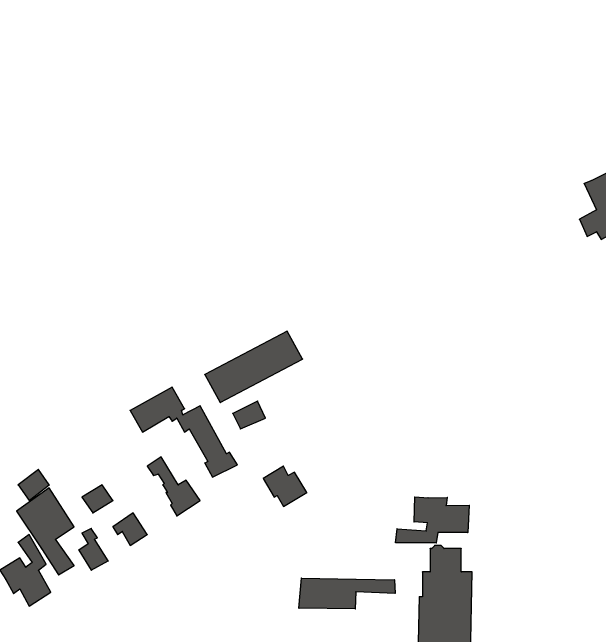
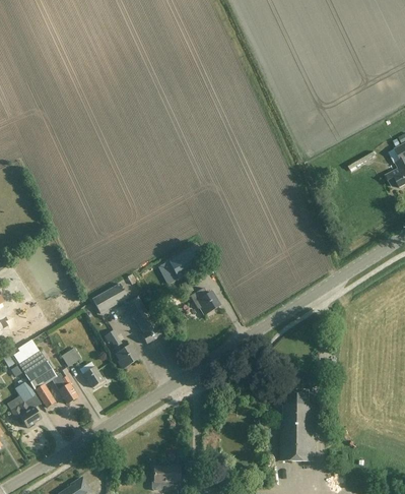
building: [263,466,307,506] -> [190,288,218,314]
building: [396,497,469,543] -> none
building: [299,578,395,609] -> none

